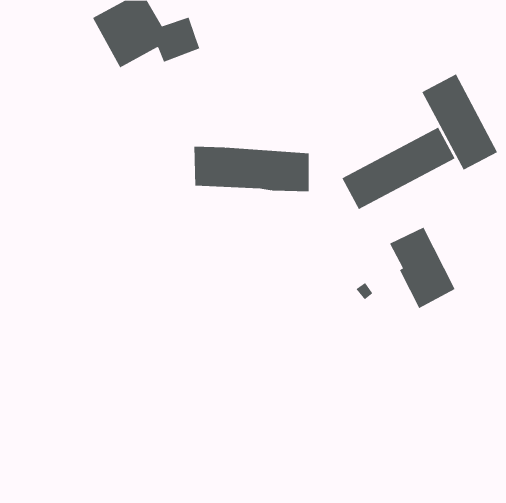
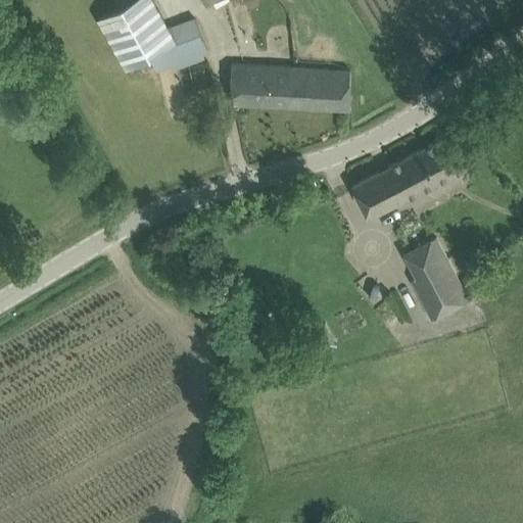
building: [422,74,498,171] -> none
building: [194,146,309,192] -> [231,65,350,112]

